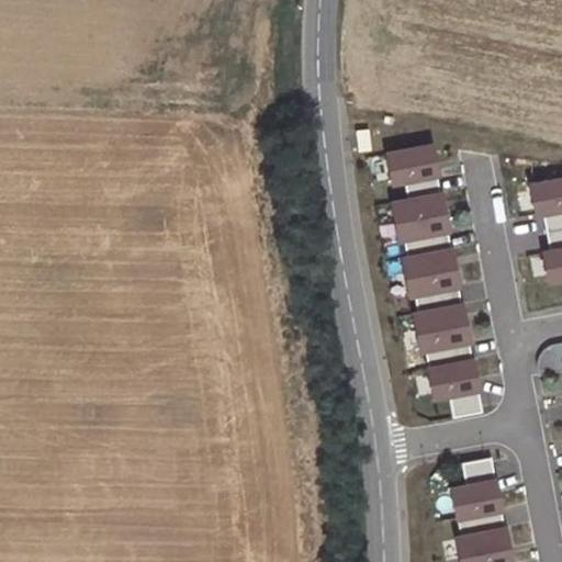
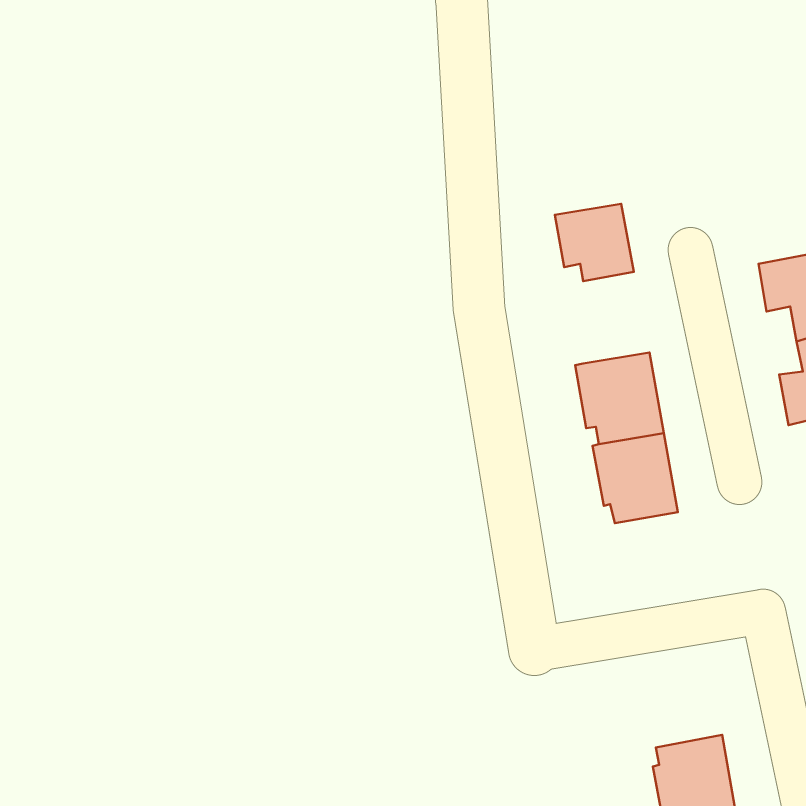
building: [390,190,452,254] -> none
building: [427,357,483,418] -> none
building: [450,457,503,520] -> none

